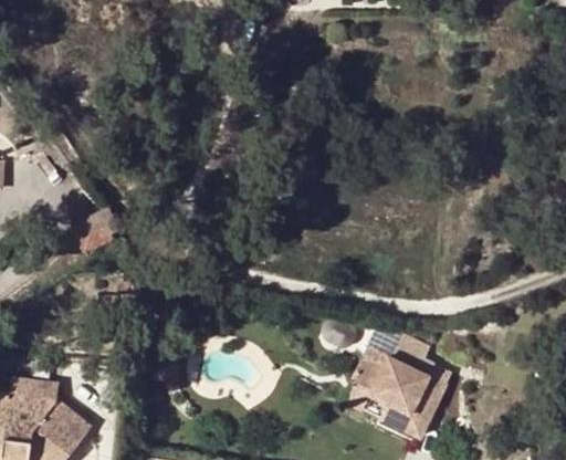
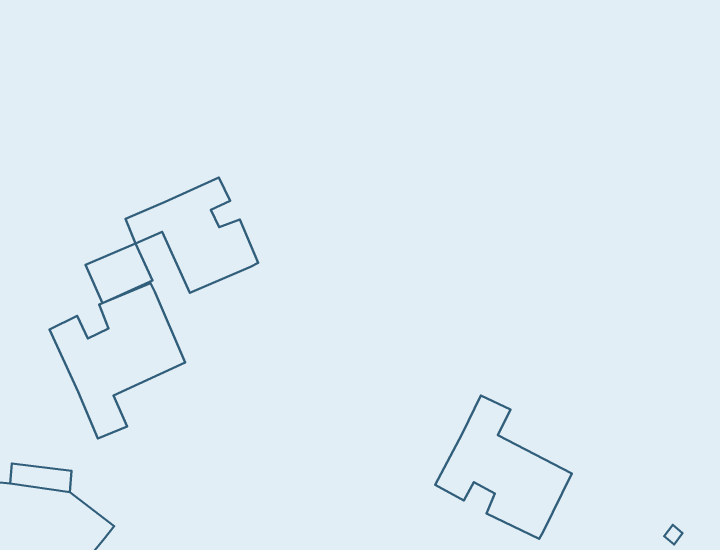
building: none -> [125,177,258,293]
building: none -> [50,283,185,438]

